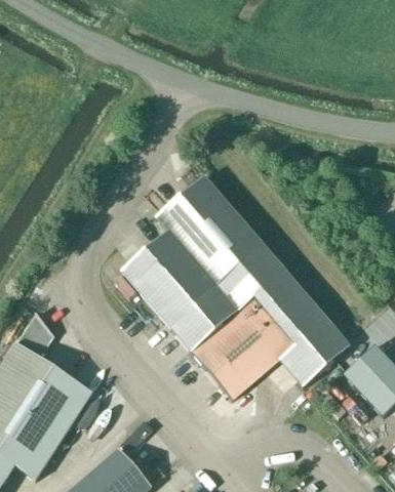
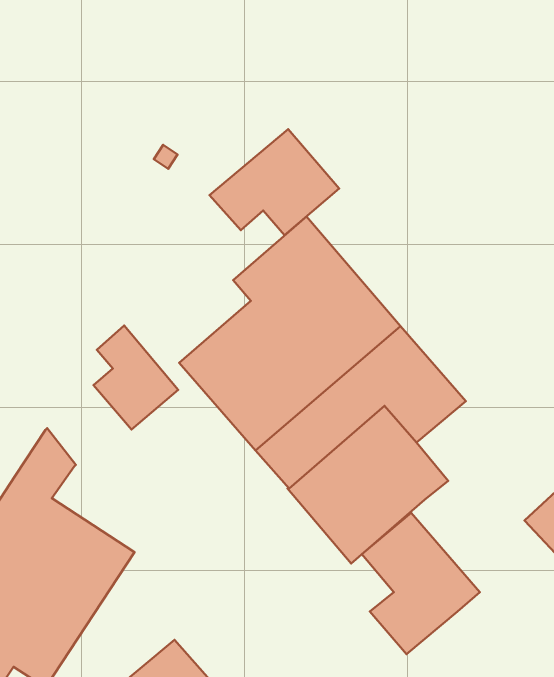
building: none -> [209,129,339,235]
building: none -> [94,325,178,430]
building: [274,295,350,386] -> [362,513,480,654]

